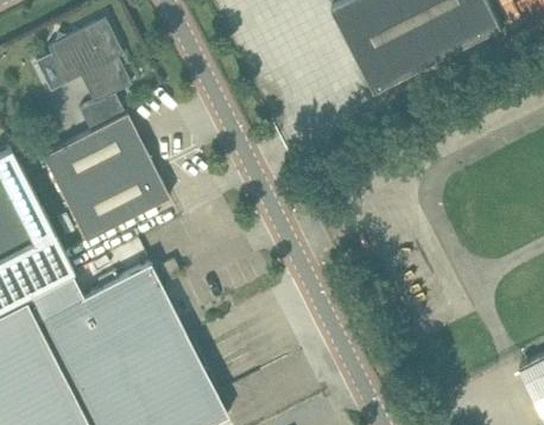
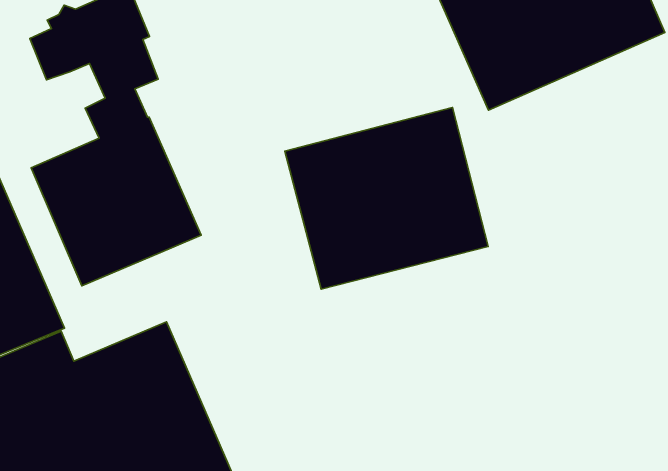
building: none -> [285,107,488,289]

